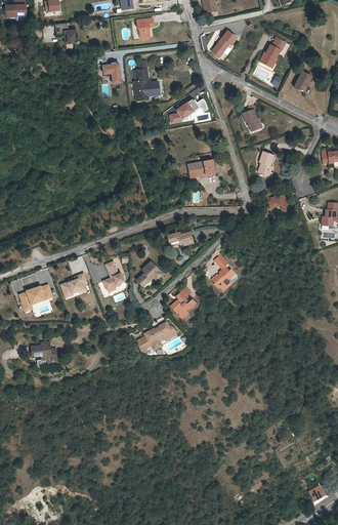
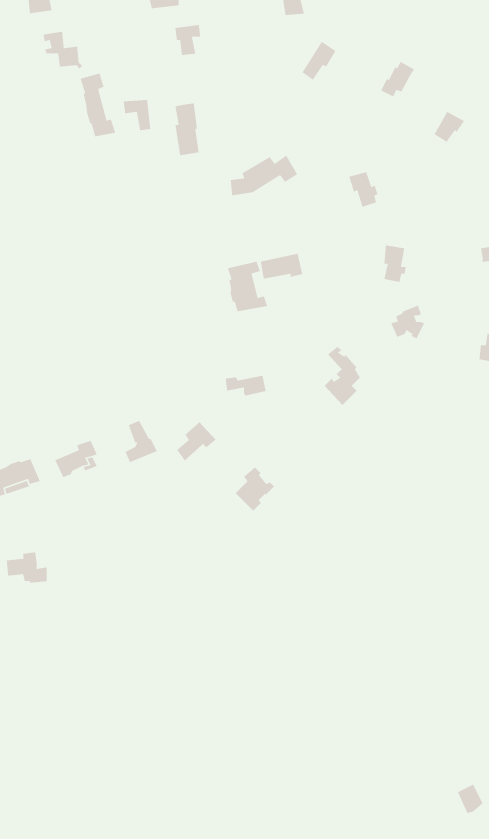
building: none -> [79,72,116,137]
building: none -> [227,261,268,312]
building: [213,253,236,290] -> [324,346,361,406]
building: [137,322,175,352] -> none

